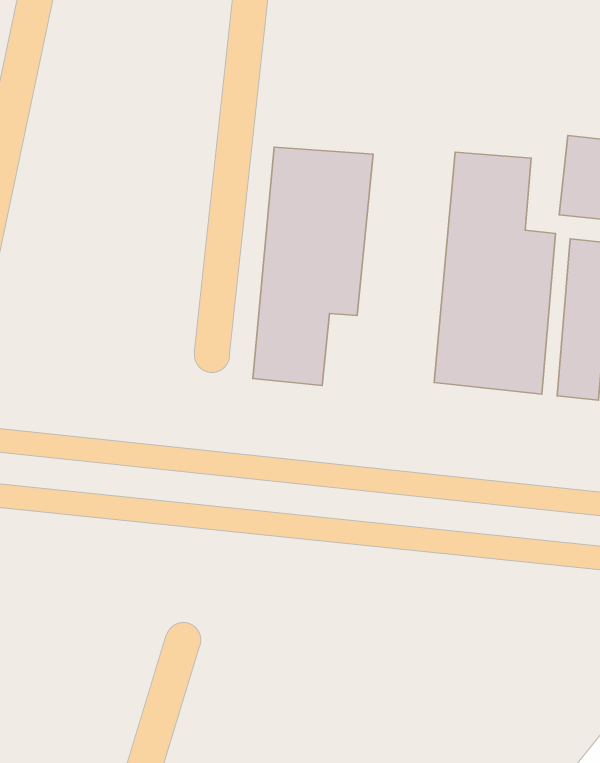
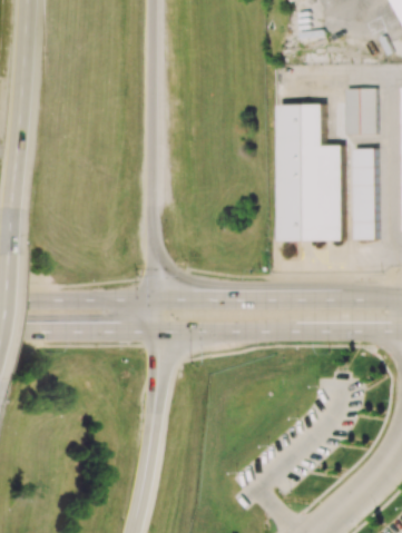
building: [253,147,373,386] -> none

